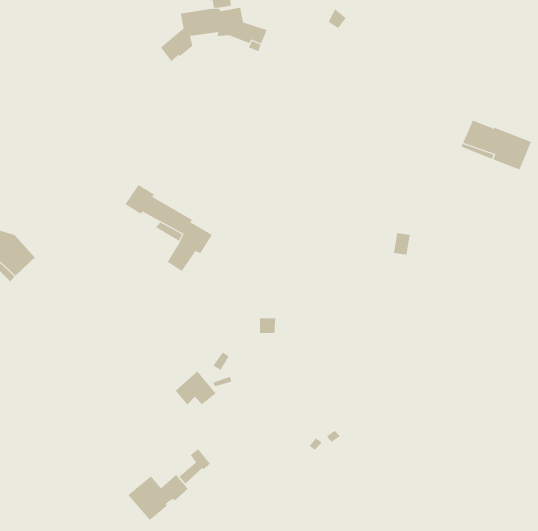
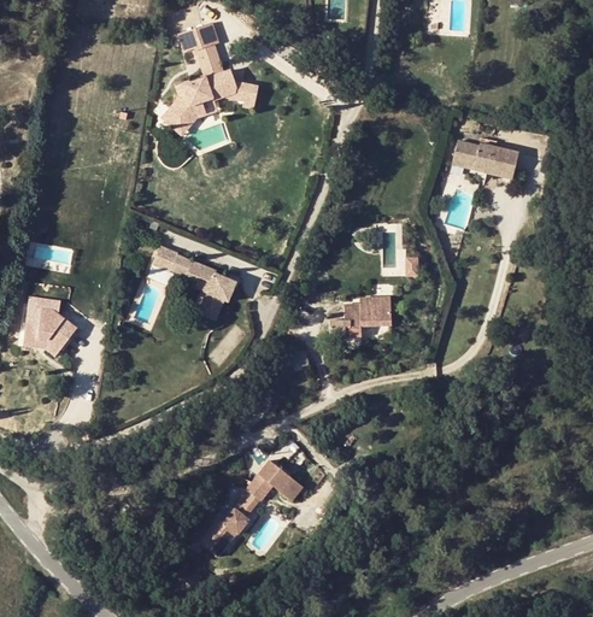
building: none -> [174,94,217,133]
building: none -> [329,299,393,336]
building: [175,371,216,406] -> [253,458,292,492]

